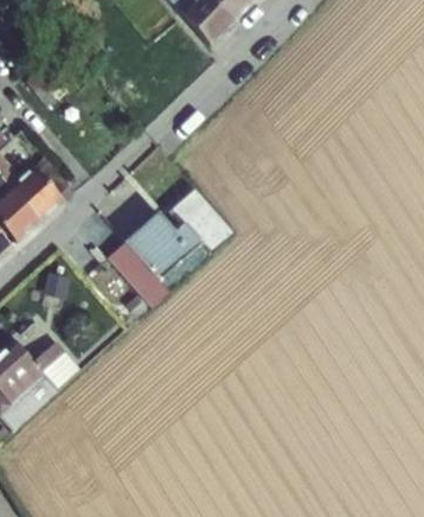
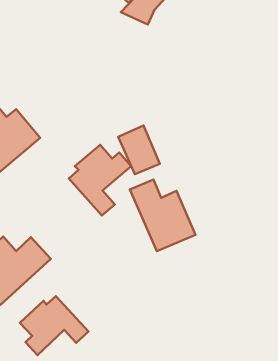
building: none -> [130,179,196,251]
building: none -> [20,296,88,355]

